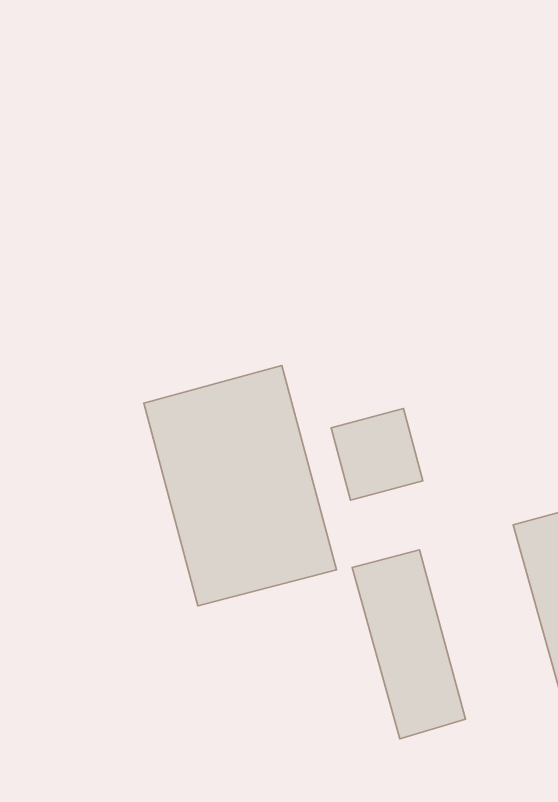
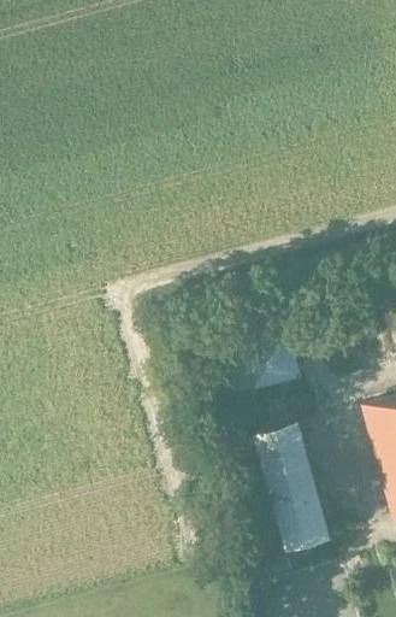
building: [144,365,337,606] -> none

